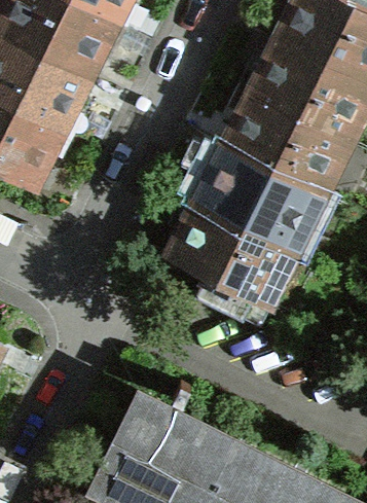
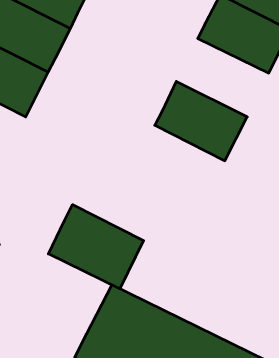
building: [222,91,337,188] -> none
building: [168,199,283,298] -> none
building: none -> [48,205,144,289]

